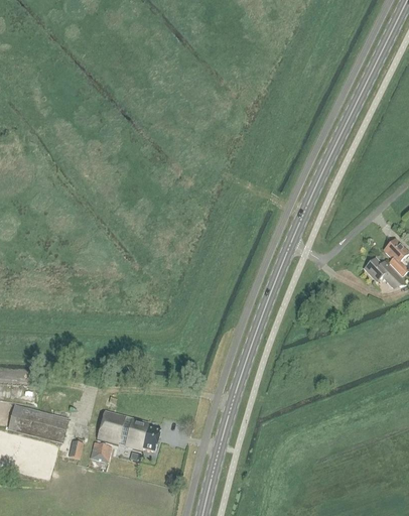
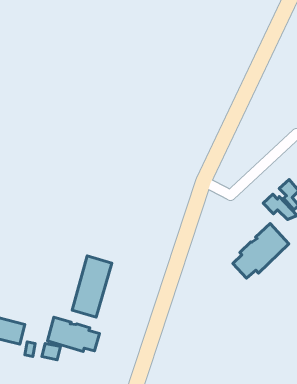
building: none -> [233,223,289,278]
building: none -> [72,256,112,317]

